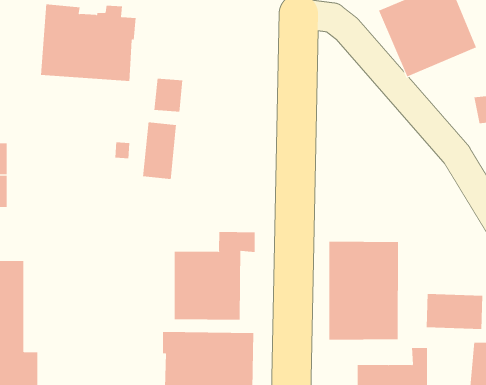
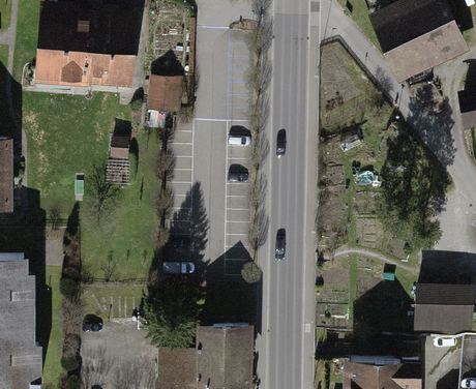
building: [143,121,177,180] -> none
building: [174,231,255,320] -> none
building: [329,241,399,340] -> none

